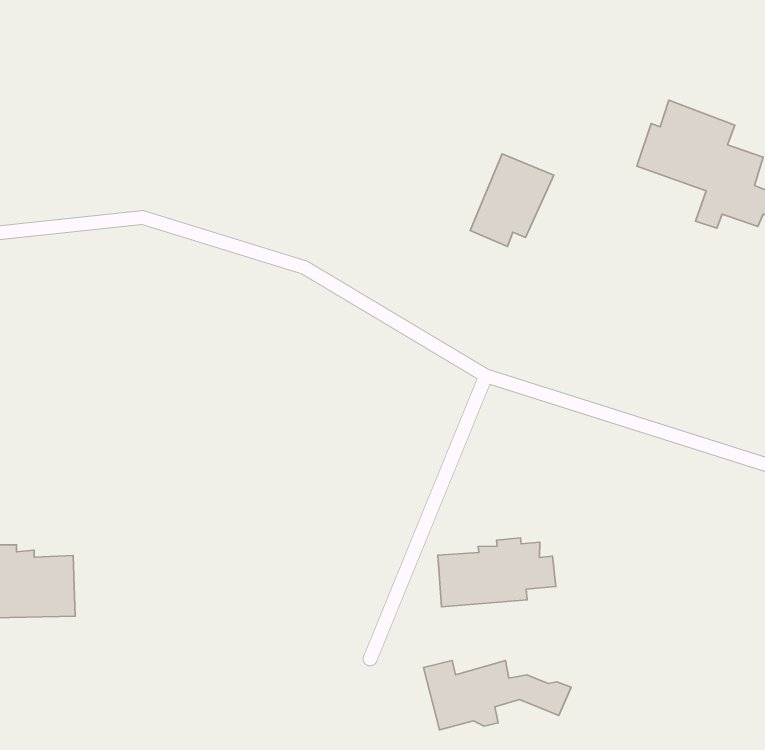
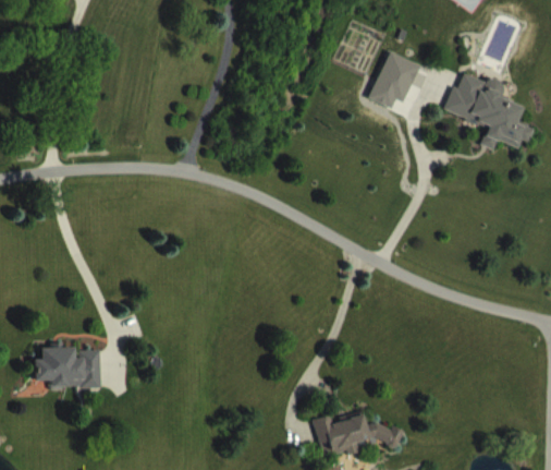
building: [470,154,554,246] -> [369,51,420,108]
building: [438,538,556,607] -> none

